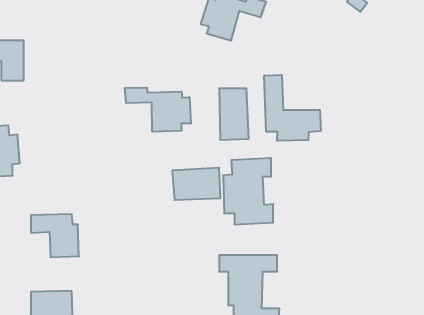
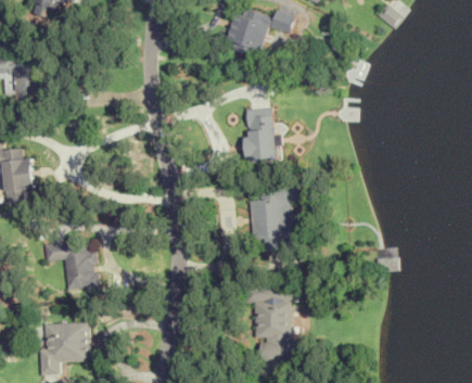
building: [264,75,321,141] -> none
building: [125,87,191,132] -> none
building: [173,167,220,200] -> none

